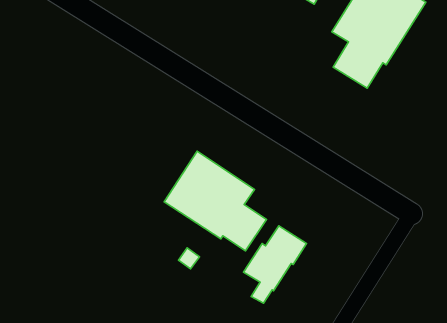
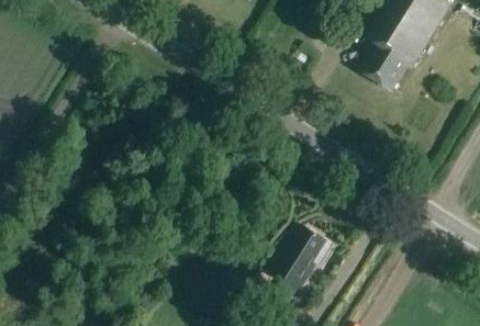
building: [164,151,267,251] -> none

